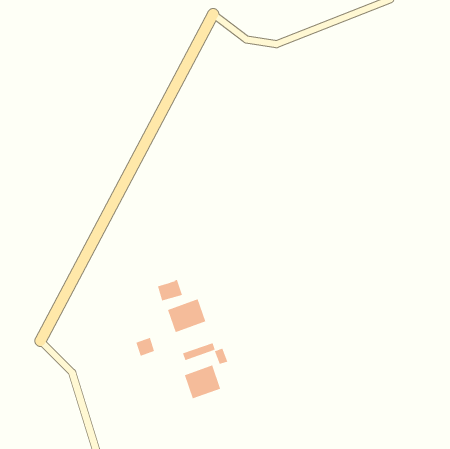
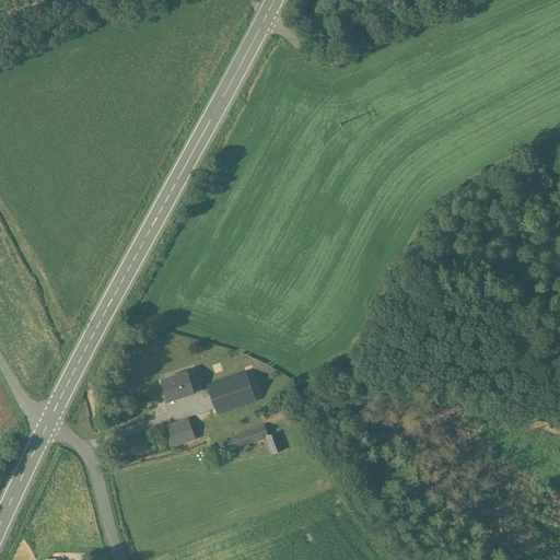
building: [157,279,183,301] -> [162,372,194,399]
building: [184,365,221,399] -> none

